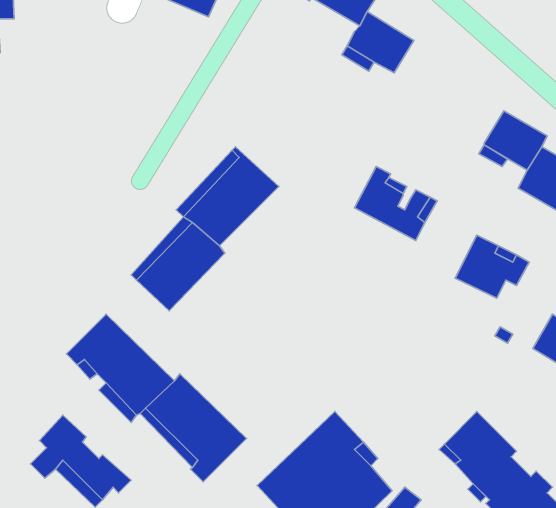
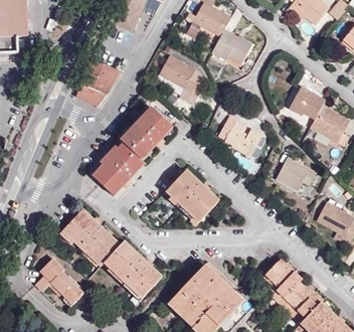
building: none -> [160,54,205,104]
building: none -> [75,59,122,108]
building: none -> [160,161,215,217]

